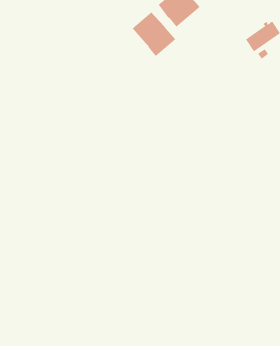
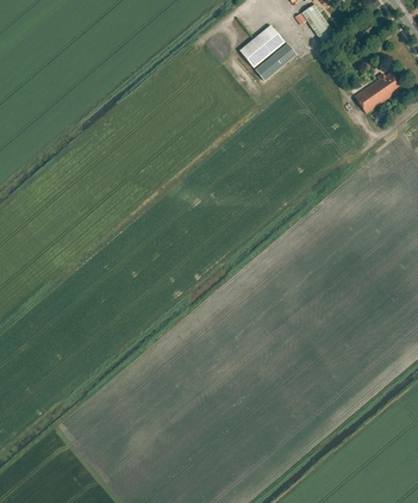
building: [132,11,176,57] -> none

